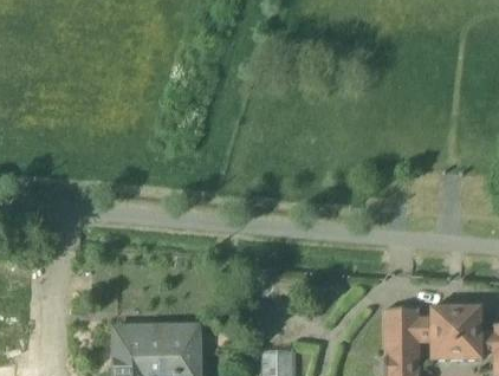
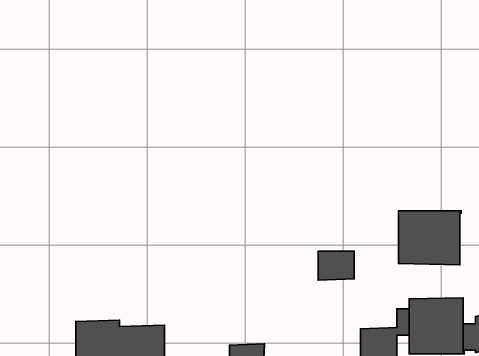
building: none -> [398,211,461,265]
building: [385,309,420,336] -> [318,251,354,280]

